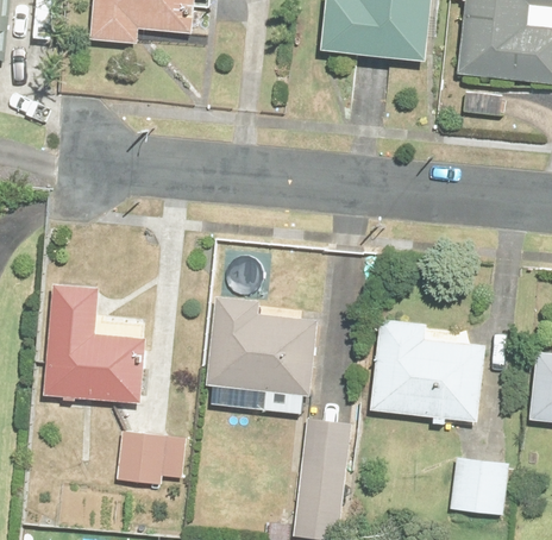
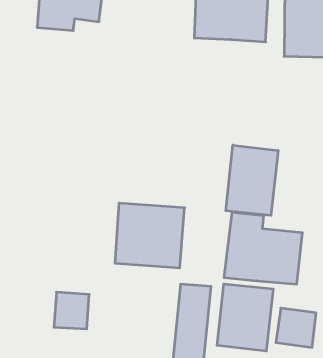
building: none -> [226,145,278,215]
building: [59,266,164,385] -> none
building: none -> [217,284,273,351]

